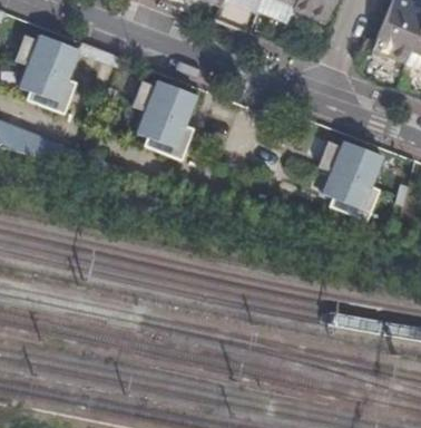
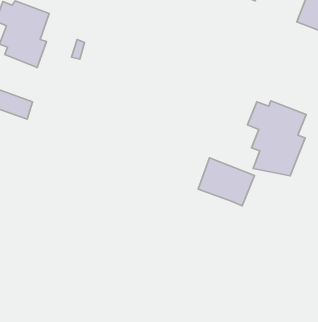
building: [130,69,199,149] -> none
building: none -> [198,158,254,206]

